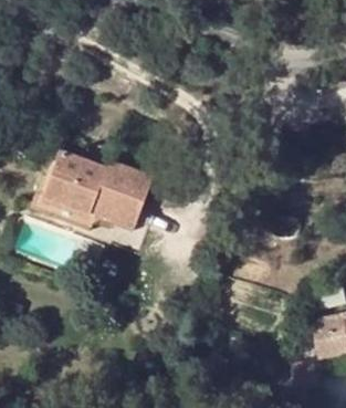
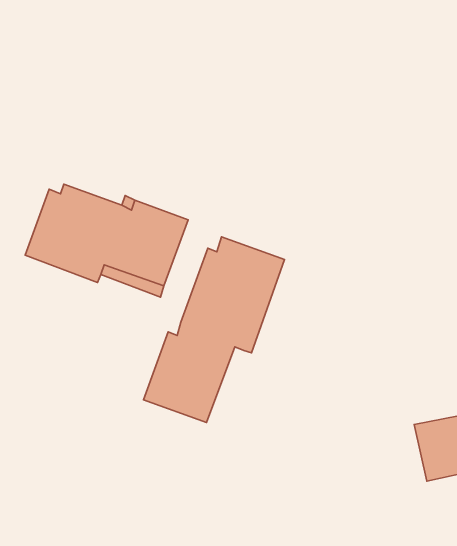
building: none -> [143,237,285,422]

